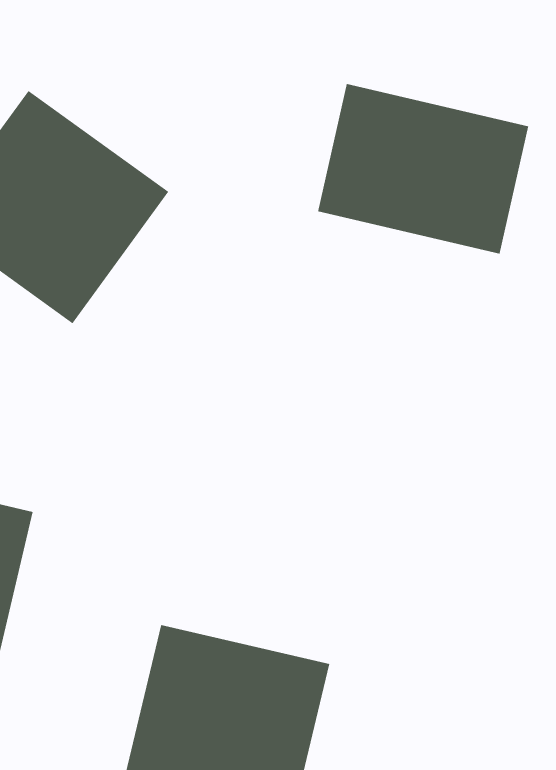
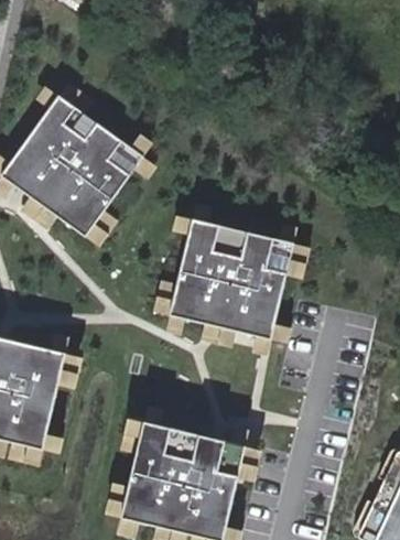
building: [317,83,529,254] -> none
building: none -> [169,218,295,339]

